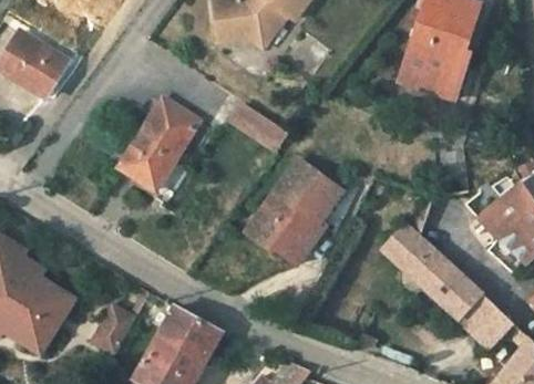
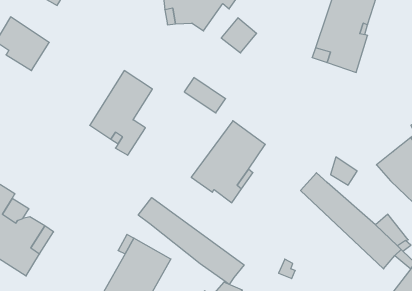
building: none -> [138,198,244,284]
building: [91,304,134,353] -> none

